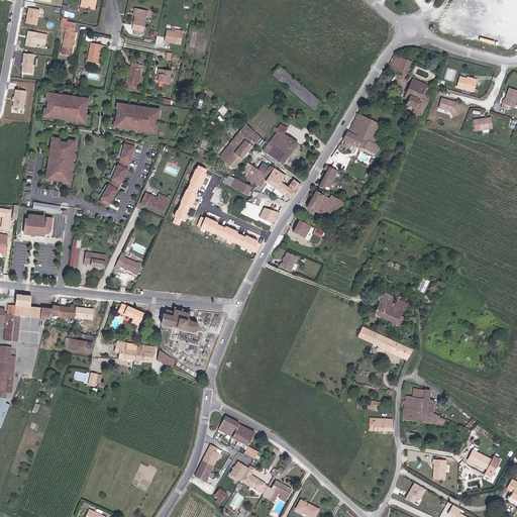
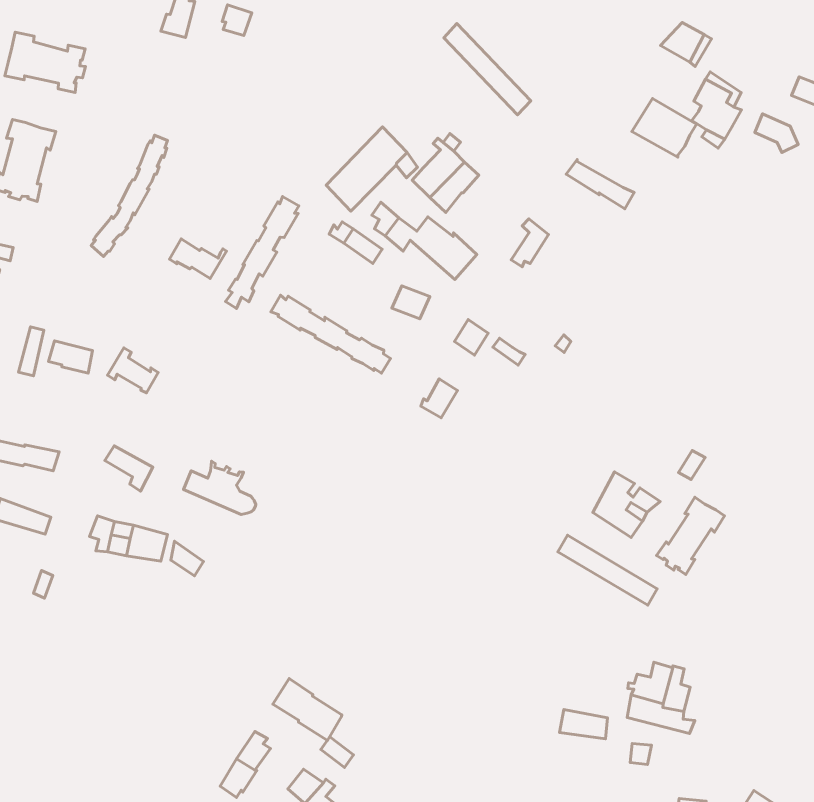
building: [117,103,158,132] -> none
building: [348,113,382,142] -> [632,98,697,157]
building: [307,190,344,217] -> none
building: none -> [656,497,724,574]

